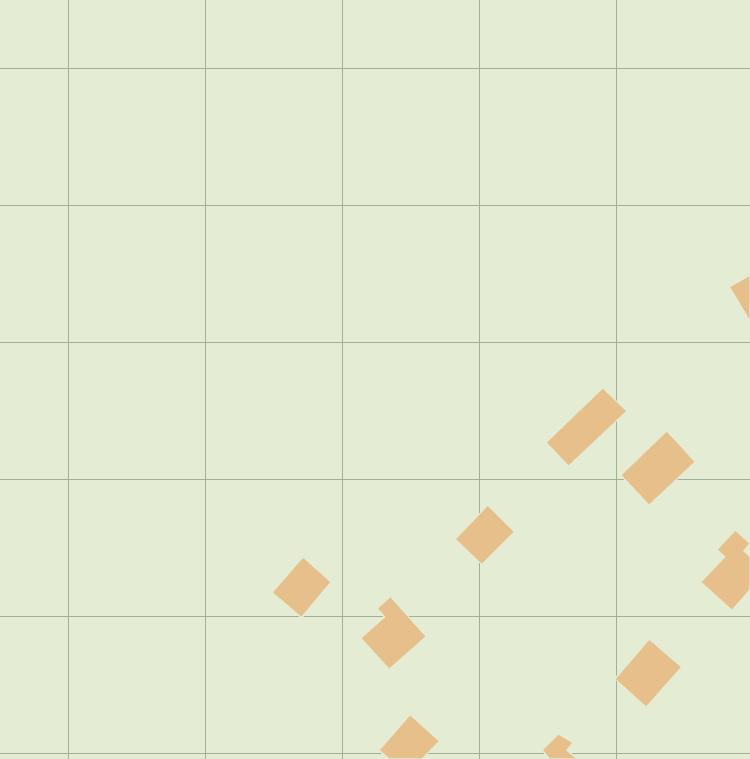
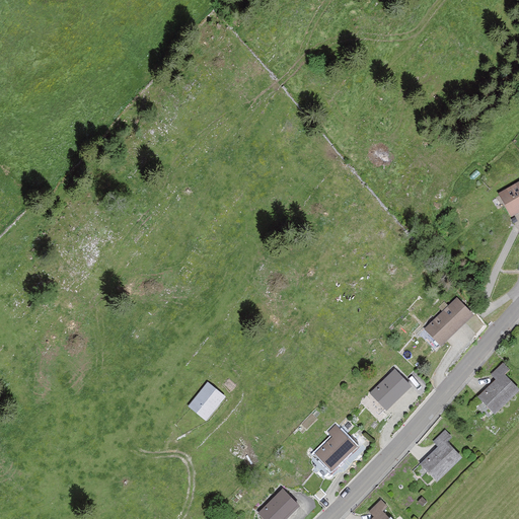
building: [546,388,627,466] -> none
building: [455,505,515,565] -> [368,369,409,410]
building: [361,597,426,669] -> [314,422,359,471]

